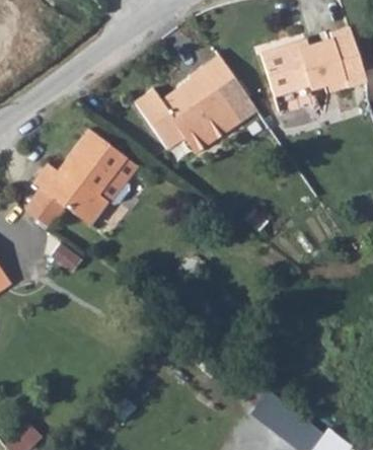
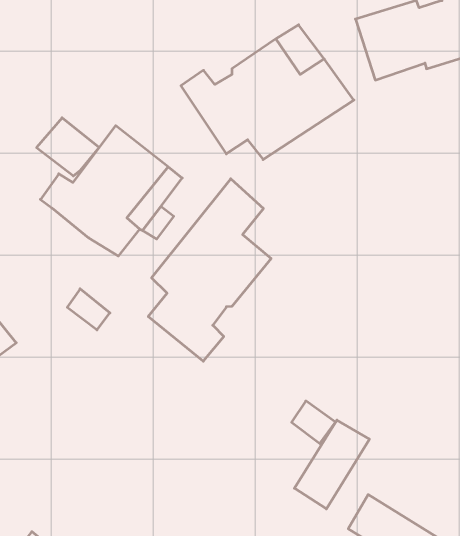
building: none -> [148,179,271,361]
building: [23,188,68,229] -> [37,118,99,176]
building: none -> [294,420,369,509]

